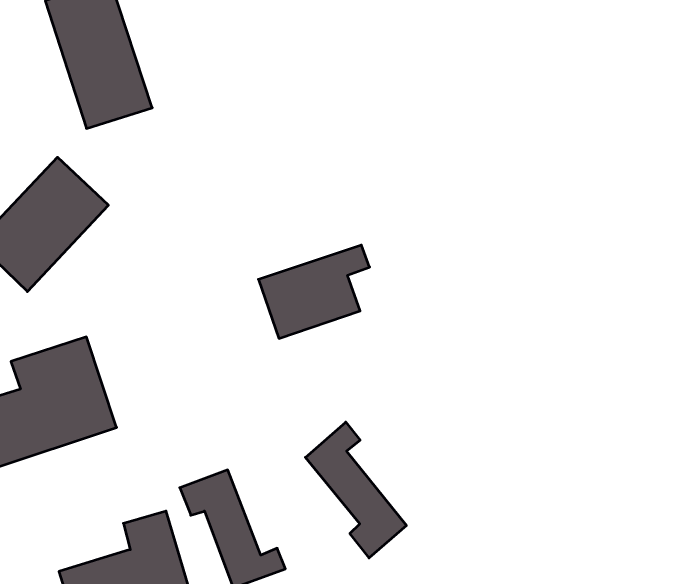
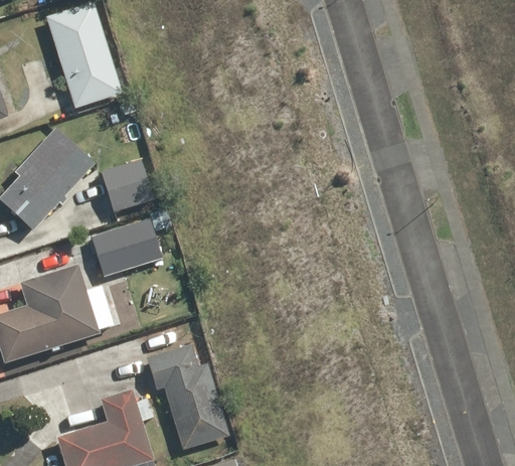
building: none -> [100,155,154,213]
building: [258,245,370,338] -> [90,210,171,279]
building: [305,422,406,558] -> none

